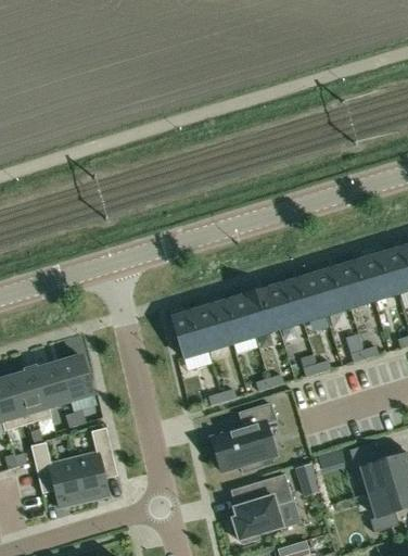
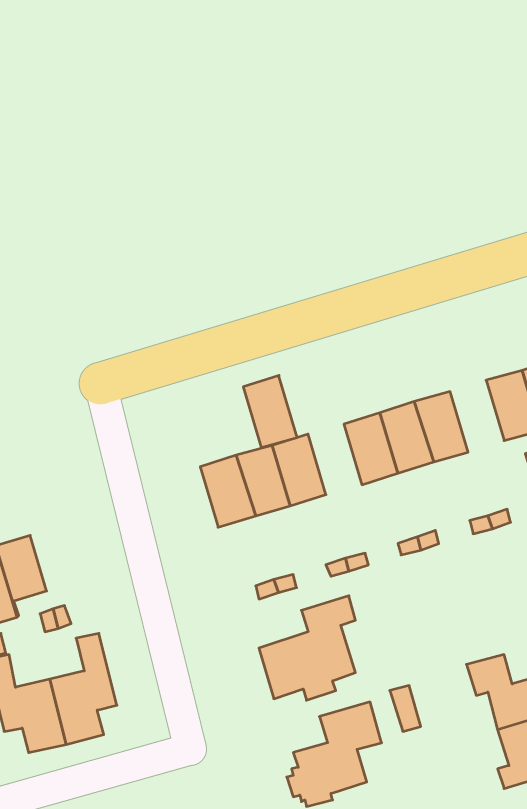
building: [337,258,373,306] -> none
building: [243,287,279,334] -> [243,375,297,447]
building: [59,355,93,399] -> none

